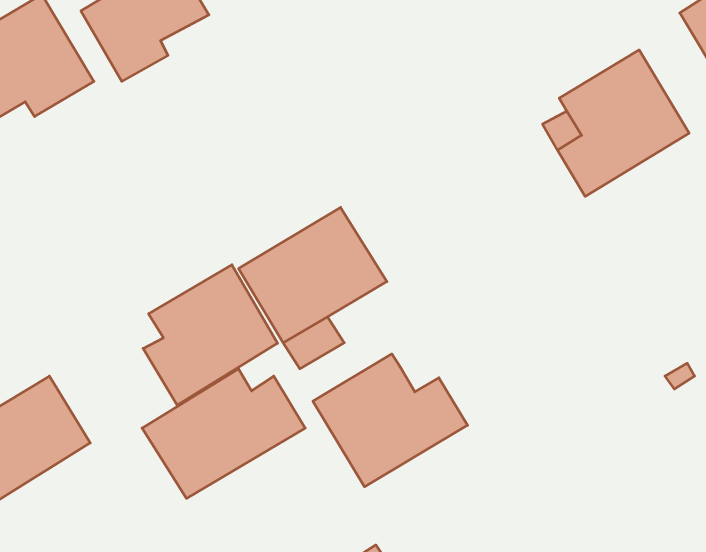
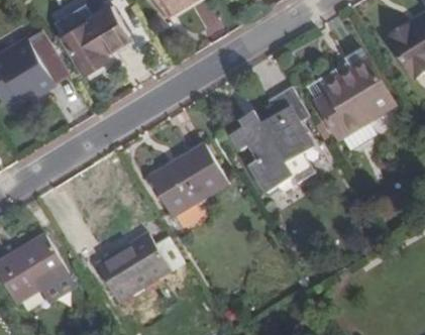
building: none -> [229,87,315,195]
building: [143,265,278,405] -> none
building: [313,354,468,487] -> none

